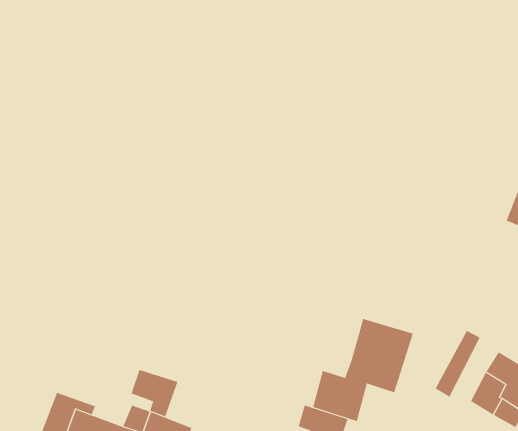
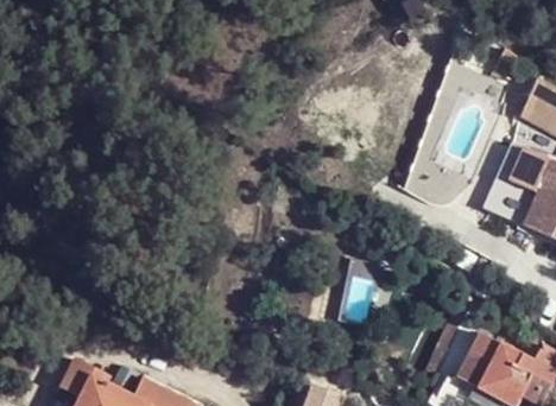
building: [312,318,413,422] -> none
building: [131,369,178,417] -> none

